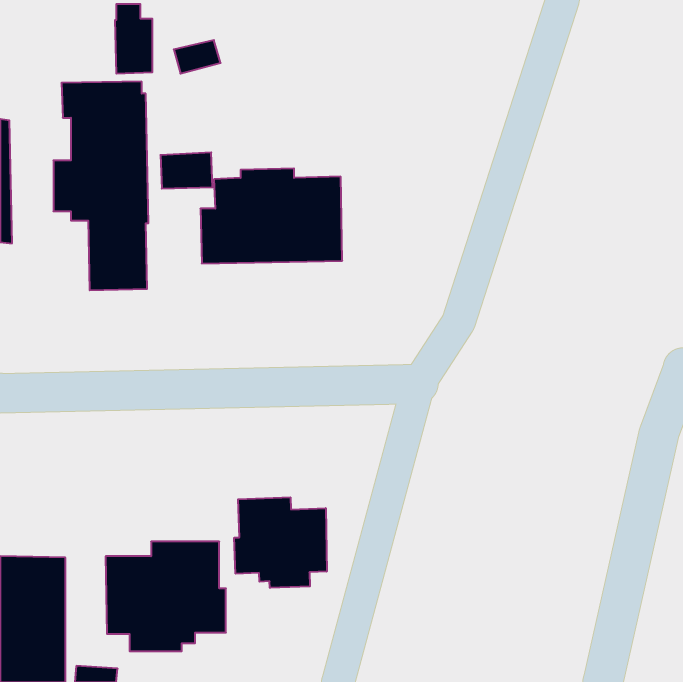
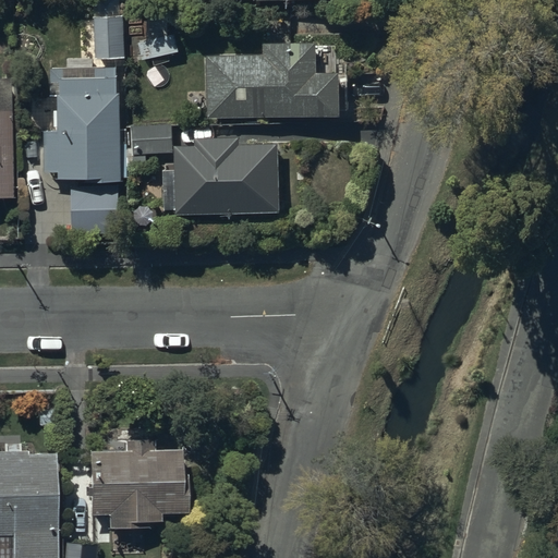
building: none -> [207,44,340,119]
building: [234,497,327,588] -> none

